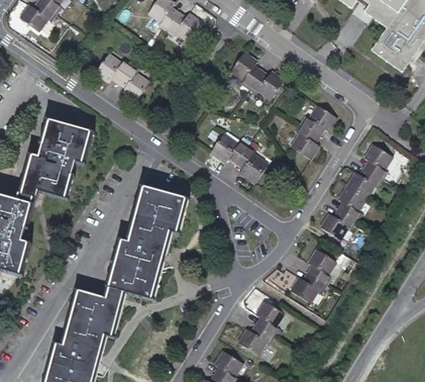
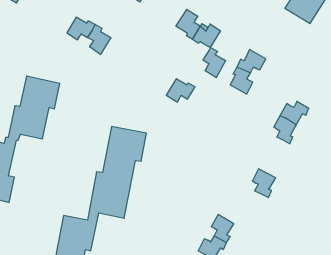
building: [365,144,393,179] -> none
building: [237,146,264,182] -> [203,48,226,77]
building: [322,211,357,240] -> none
building: [292,275,328,303] -> none

